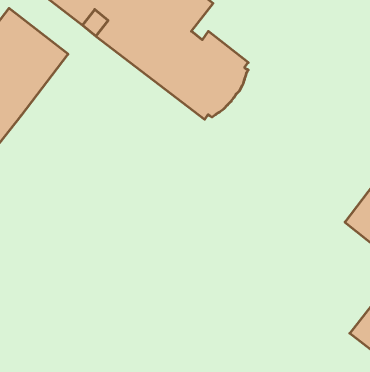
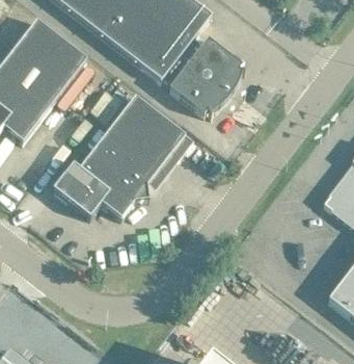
building: none -> [53,95,186,217]

